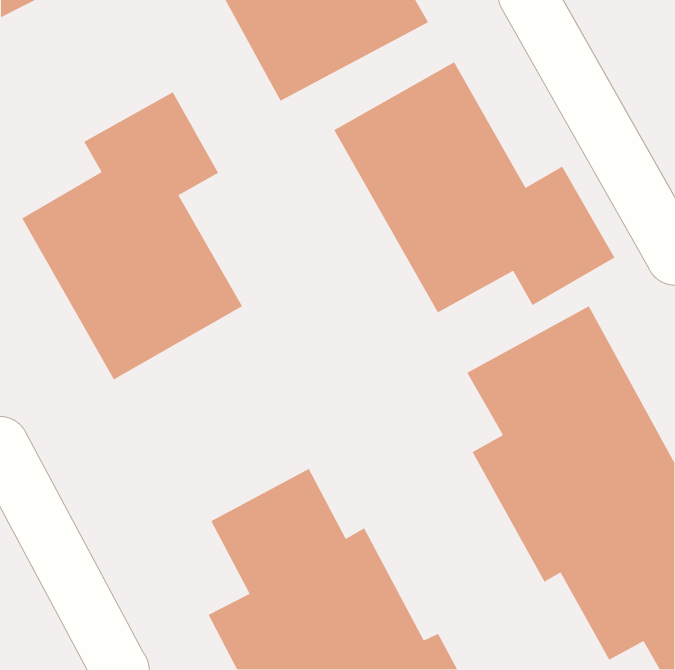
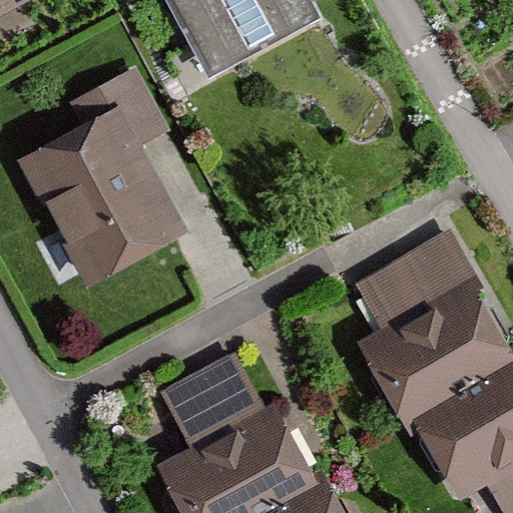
building: [333,61,615,313] -> none

